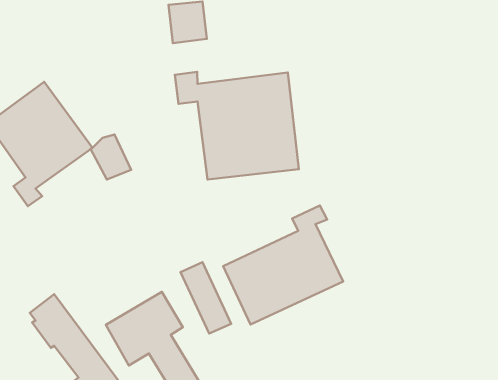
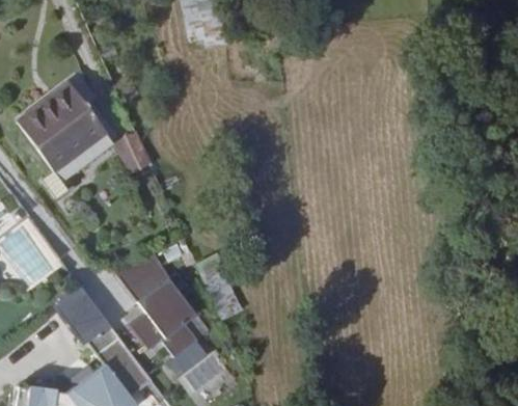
building: [175,72,299,180] -> none
building: [223,205,343,325] -> none
building: none -> [120,252,173,302]

